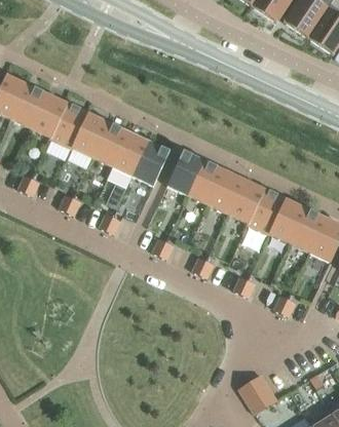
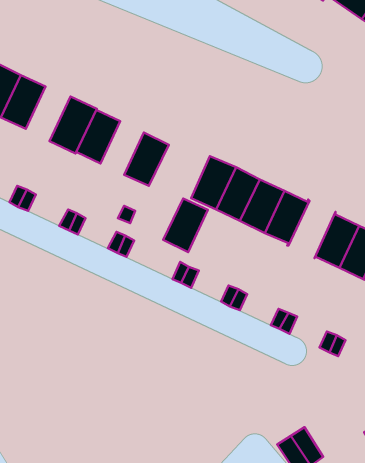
building: [31,93,68,139] -> none
building: [92,122,128,166] -> none
building: [133,142,170,186] -> [163,199,208,252]
building: [248,188,287,235] -> none

